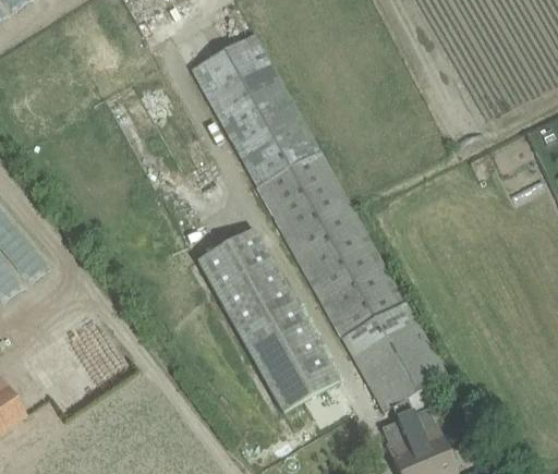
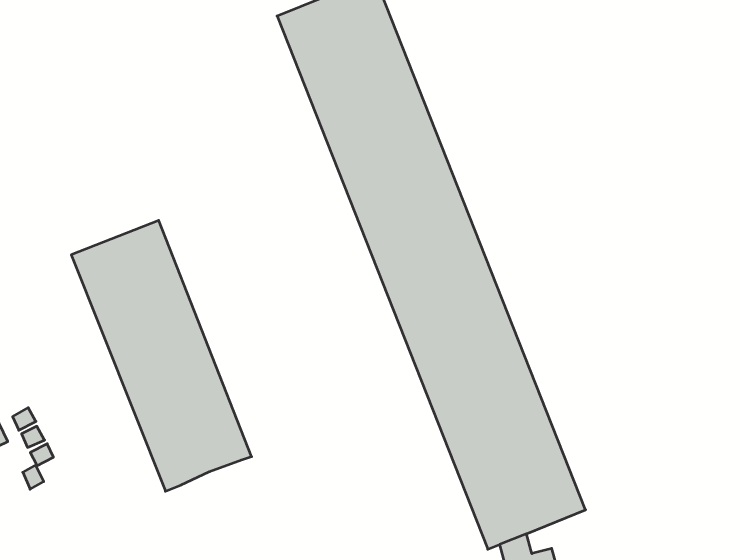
building: [197,227,339,411] -> [71,220,252,491]

